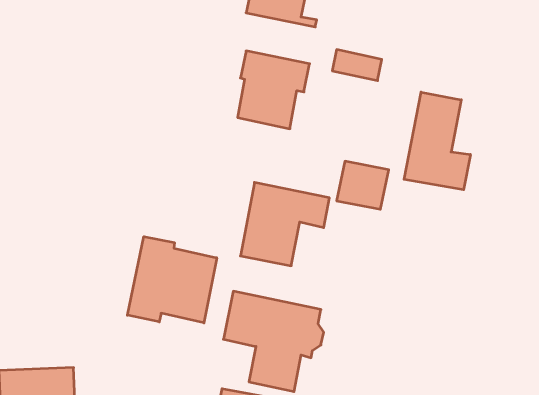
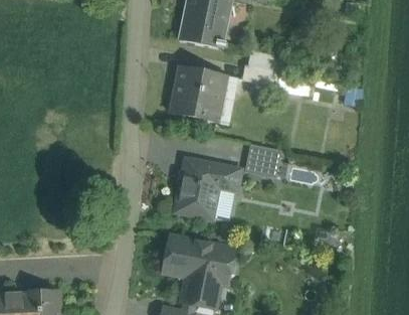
building: [404,92,470,190] -> none
building: [127,237,217,323] -> none

